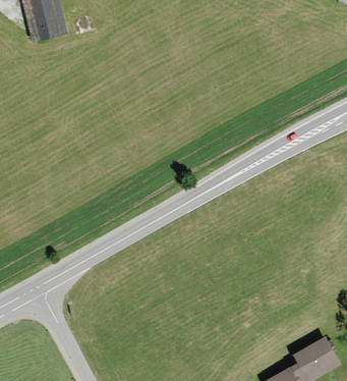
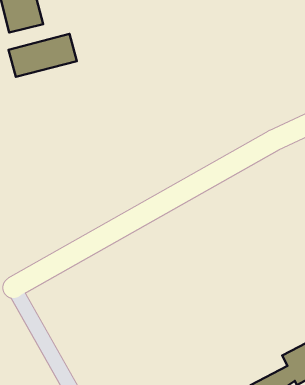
building: none -> [8,34,77,77]

